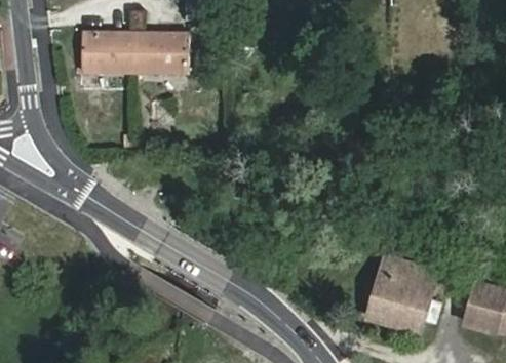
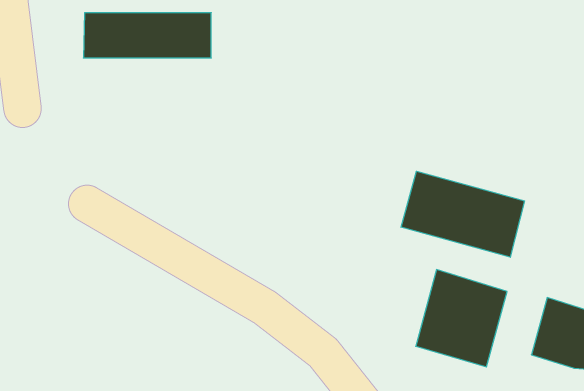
building: none -> [401,171,525,257]

